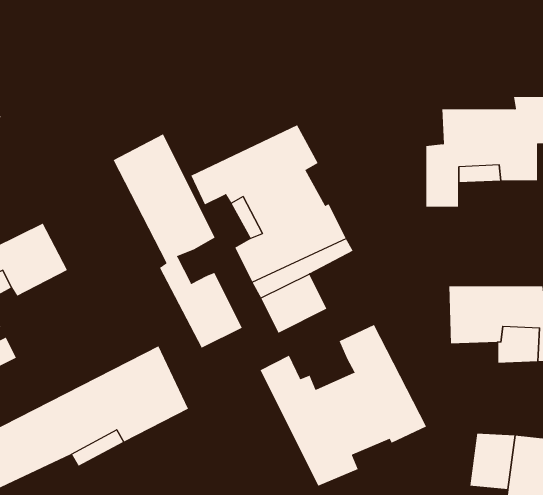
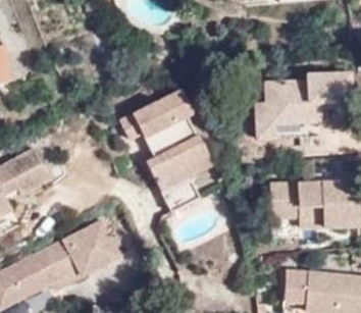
building: [113,133,242,349] -> none
building: [260,324,427,487] -> none

